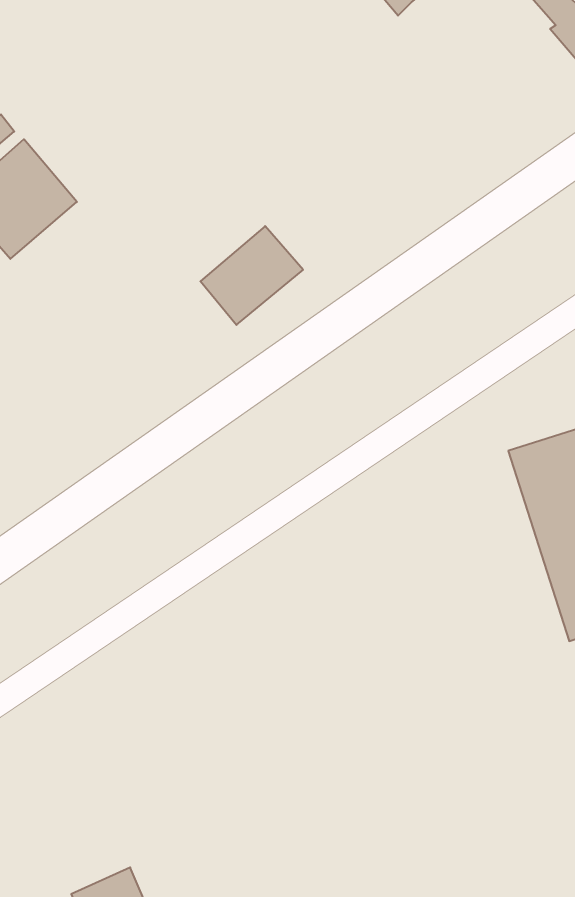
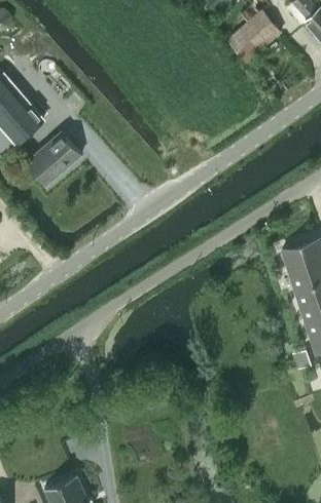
building: none -> [227,11,280,63]
building: [200,226,303,325] -> [26,132,81,186]

